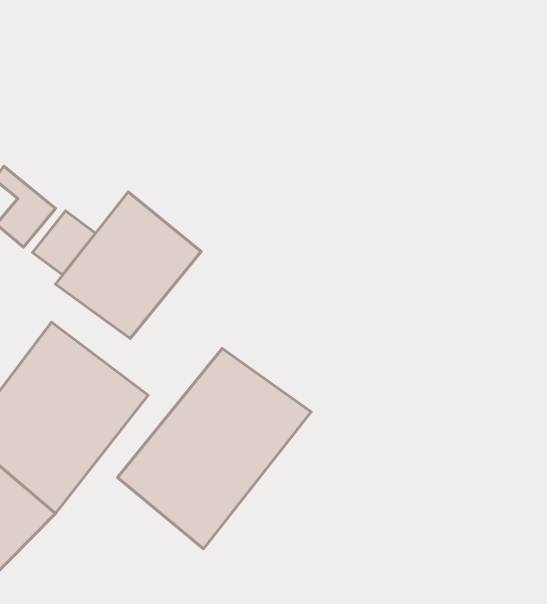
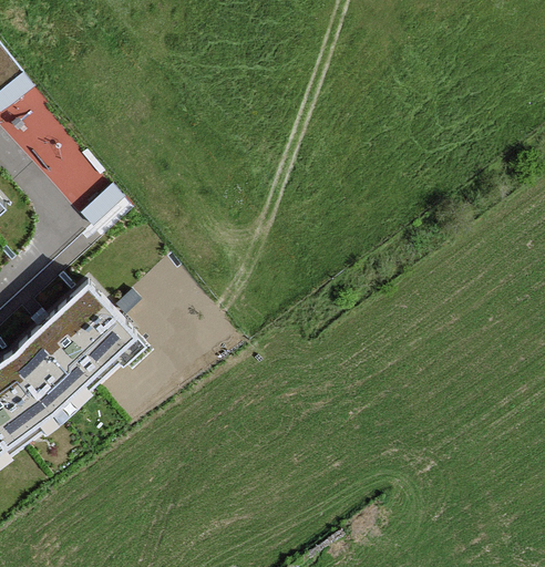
building: [56,192,201,338] -> none
building: [118,349,311,549] -> none

